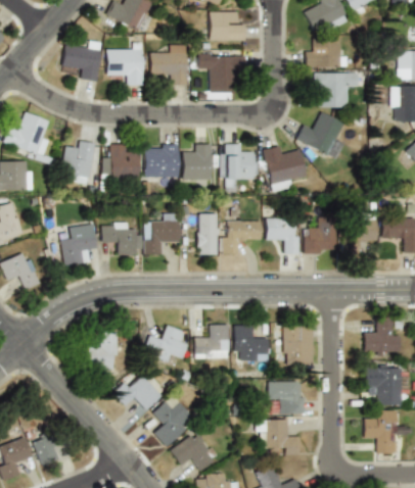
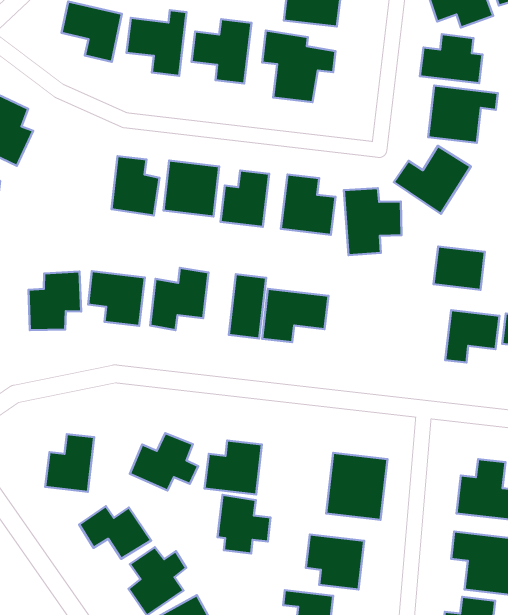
building: [62,140,96,184] -> none
building: [266,218,299,254] -> none
building: [305,227,336,252] -> [434,246,485,290]
building: [234,325,268,361] -> [218,495,271,553]

